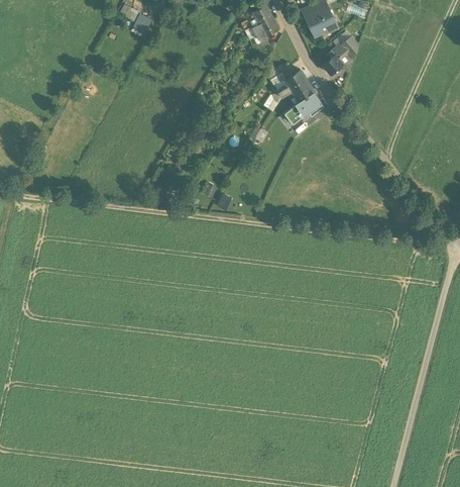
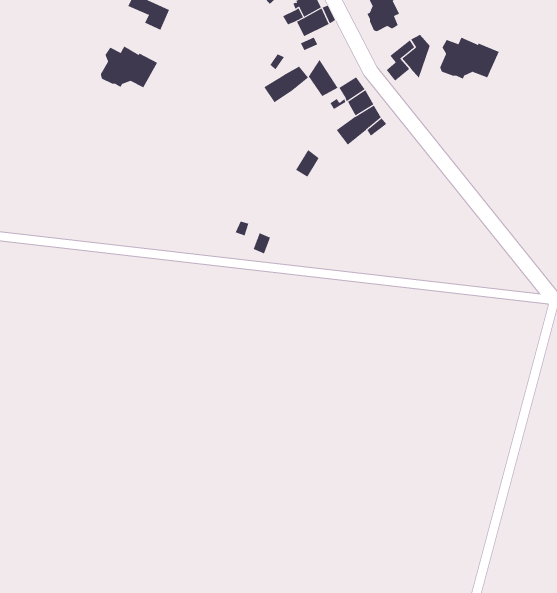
building: none -> [440,37,499,79]
building: none -> [100,46,158,88]
building: none -> [264,66,309,103]

